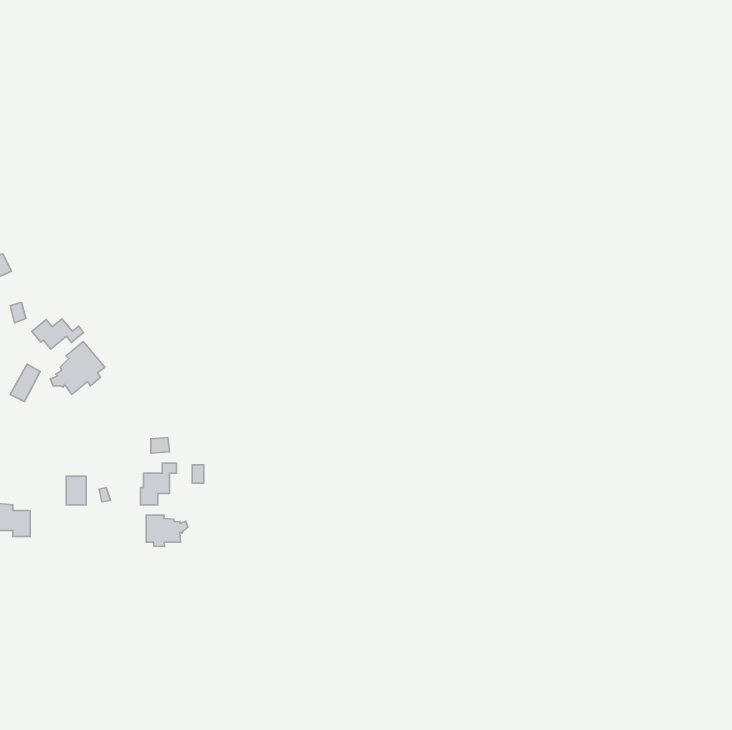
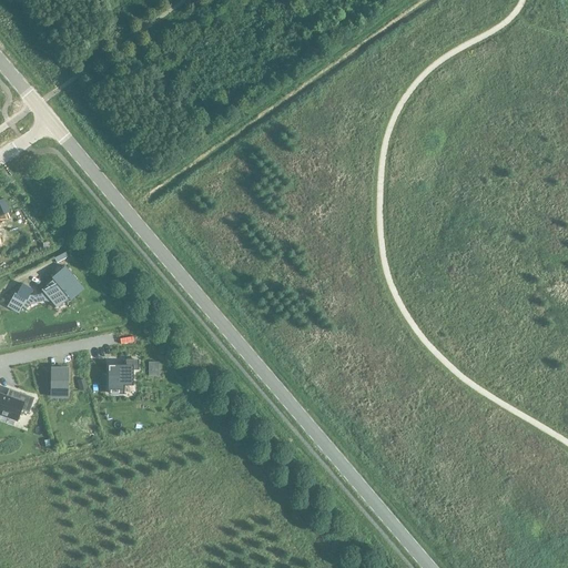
building: [32,319,84,349] -> none
building: [146,515,188,546] -> none

